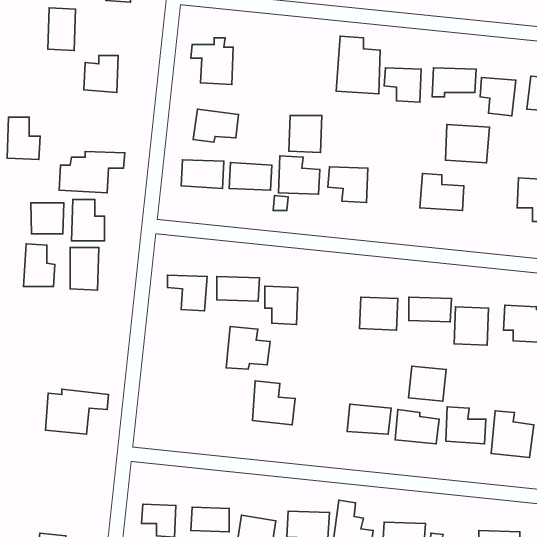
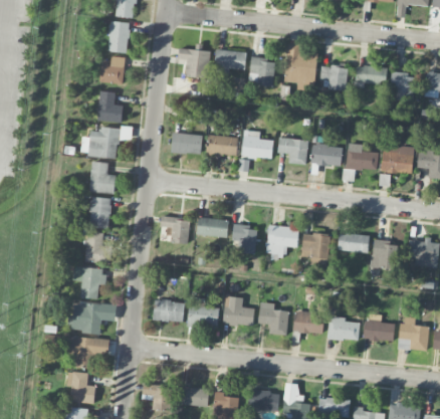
building: [48,8,75,50] -> [108,22,129,53]
building: [193,109,238,142] -> [213,49,246,73]
building: [289,115,322,152] -> [249,59,273,86]
building: [7,117,40,160] -> [98,91,123,123]
building: [445,124,489,163] -> [382,146,414,174]
building: none -> [311,145,342,167]
building: [31,203,64,234] -> none
building: [23,244,55,286] -> [85,232,108,263]
building: none -> [265,226,298,258]
building: [226,327,270,369] -> [187,297,219,329]
building: none -> [73,267,104,299]
building: [409,366,446,401] -> none
building: none -> [153,300,184,323]
building: none -> [258,302,288,337]
building: none -> [69,338,109,369]
building: none -> [70,372,94,404]

